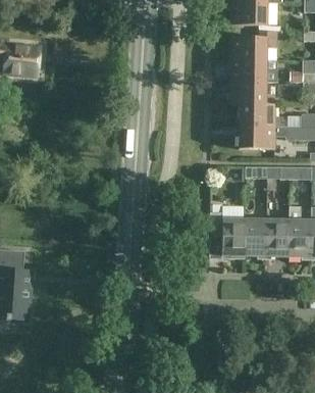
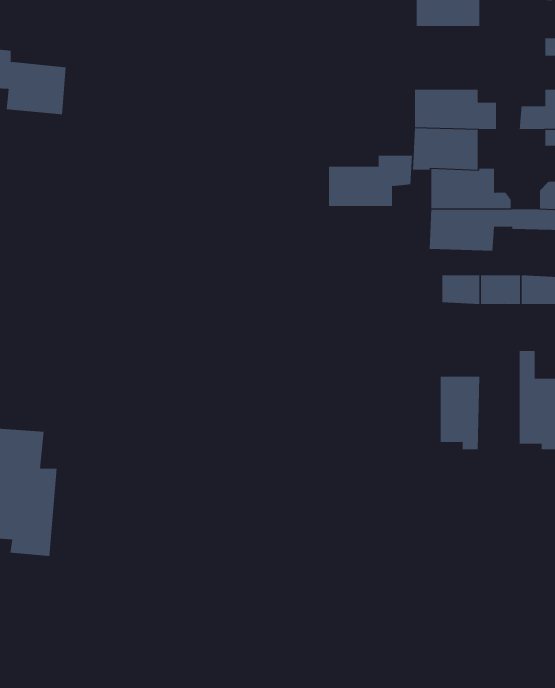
building: [230,32,277,60] -> [328,155,413,207]
building: [210,212,245,259] -> none
building: [266,219,288,260] -> none

